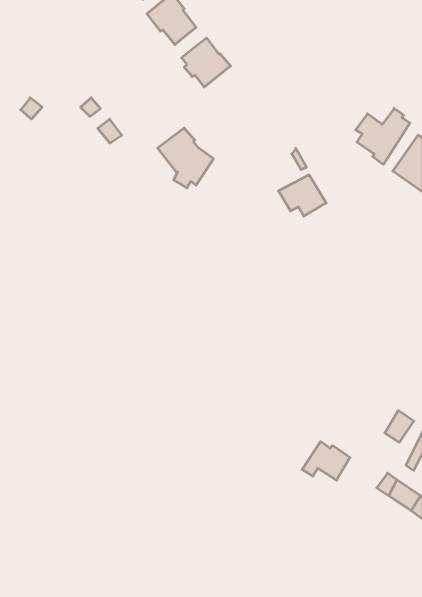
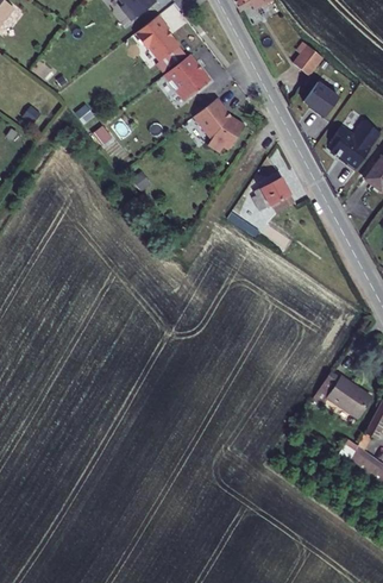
building: none -> [290,44,321,80]
building: none -> [304,82,340,118]
building: [158,128,213,188] -> [193,96,243,150]
building: [302,442,350,480] -> [316,372,359,407]

